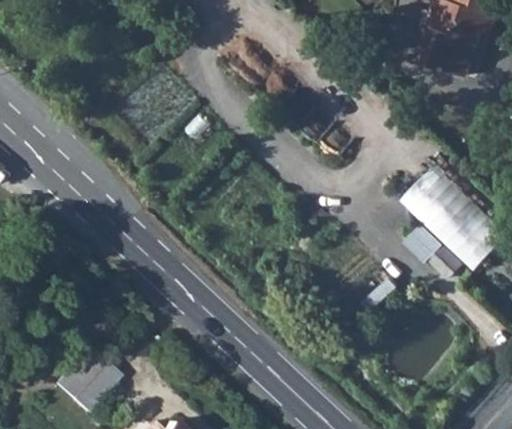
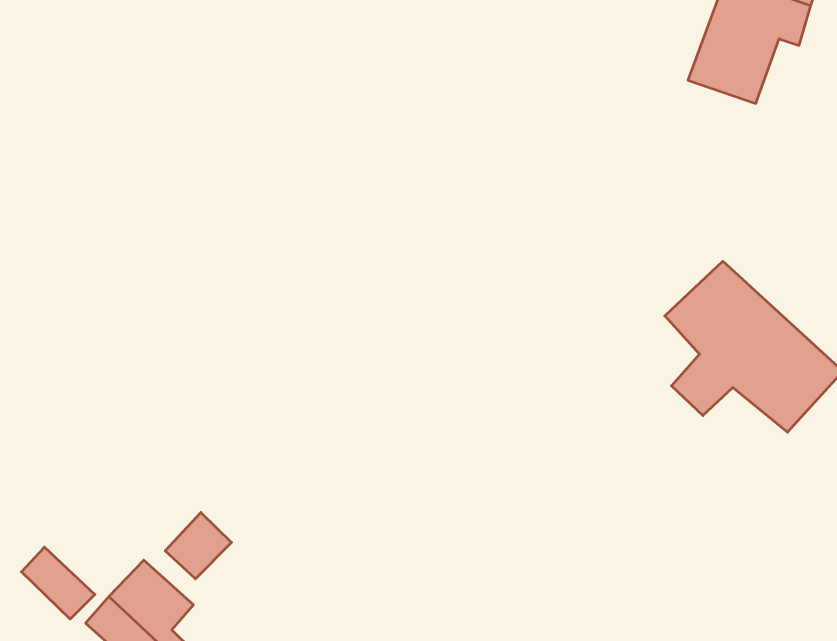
building: none -> [165,512,232,579]
building: none -> [21,547,95,619]

